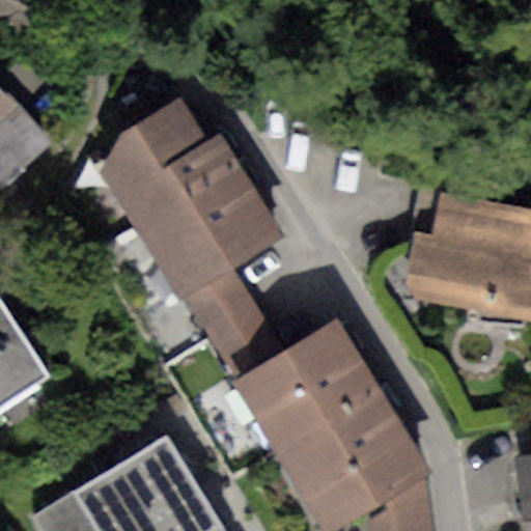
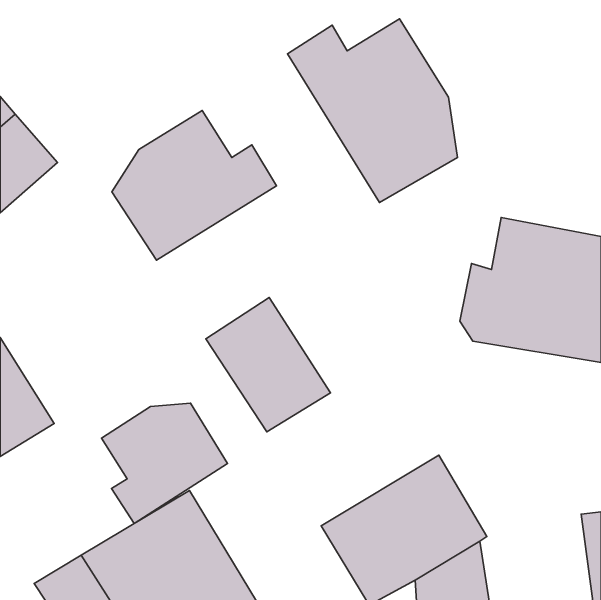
building: none -> [288,19,457,203]
building: [138,165,286,300] -> none
building: [235,320,387,465] -> none
building: none -> [101,403,228,524]

